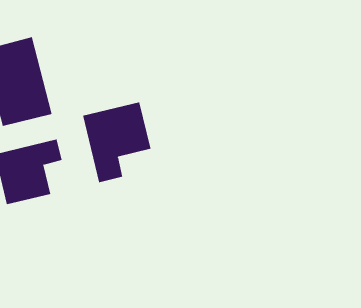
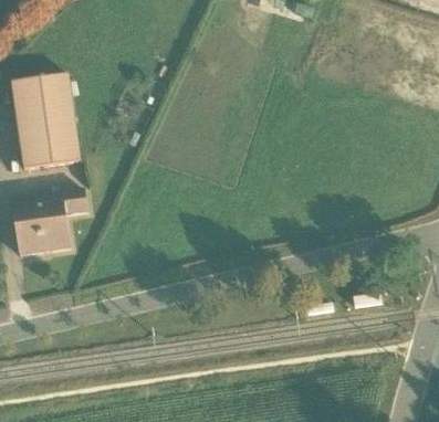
building: [83,101,151,183] -> none

